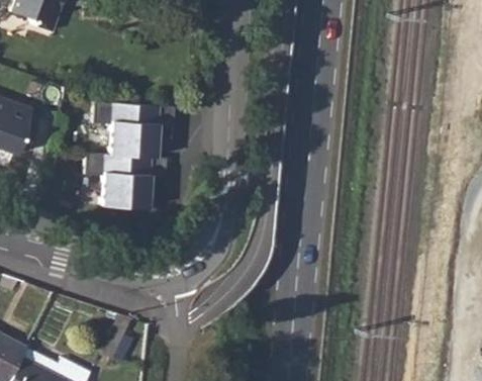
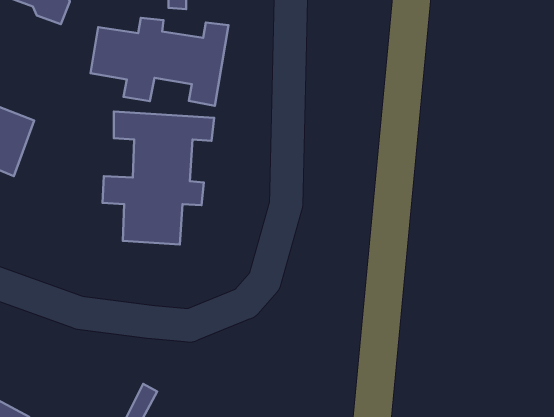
building: none -> [91,18,229,106]

